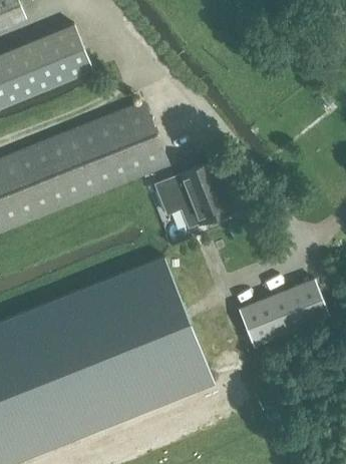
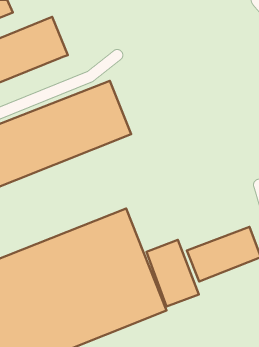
building: [154,162,231,227] -> none
building: none -> [147,240,199,306]

